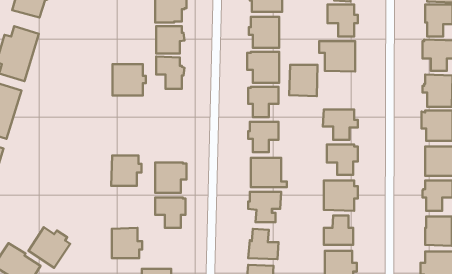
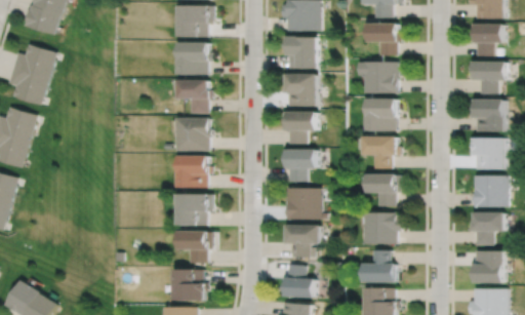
building: [113,64,146,96] -> [177,117,213,151]
building: [289,65,318,96] -> [365,97,396,131]
building: [111,155,141,186] -> [180,155,213,188]
building: [28,227,70,268] -> none
building: [112,228,142,258] -> [176,269,209,302]

